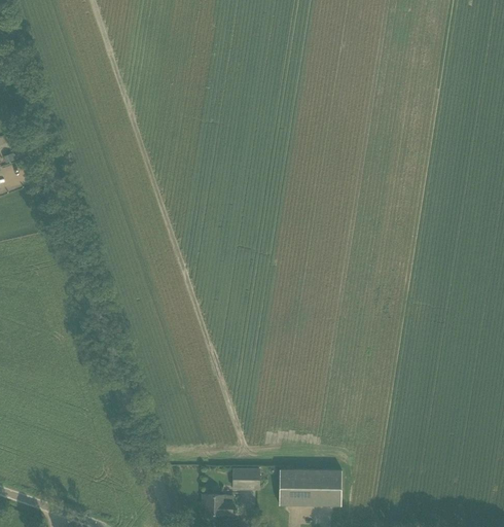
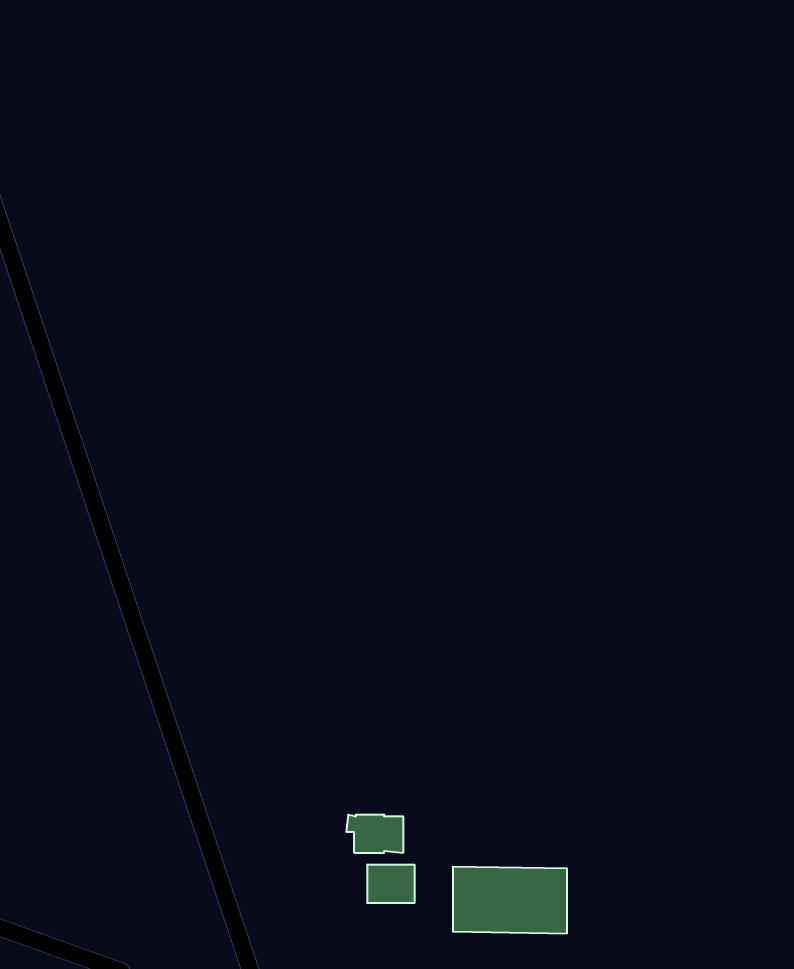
building: [202,494,232,515] -> [346,815,403,853]

